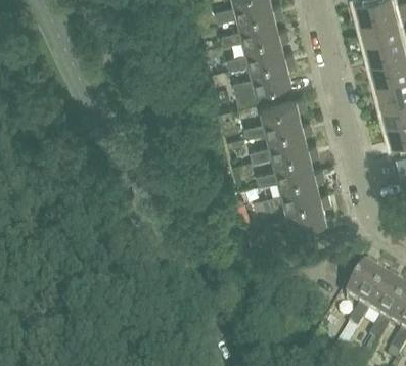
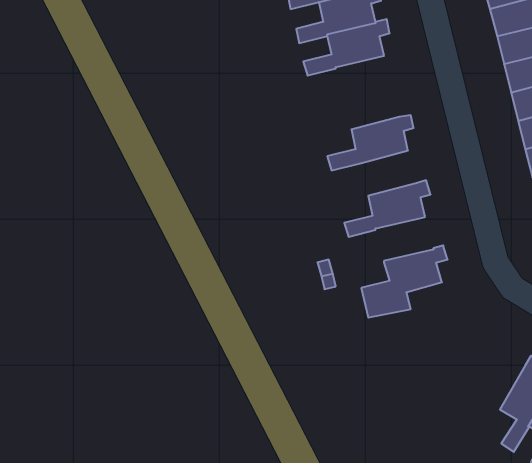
building: [232,54,295,106] -> none
building: [250,123,312,163] -> none
building: [262,170,324,211] -> none
building: [347,261,387,329] -> none

